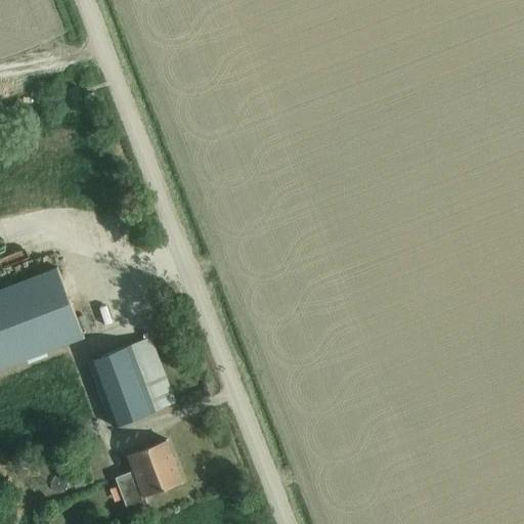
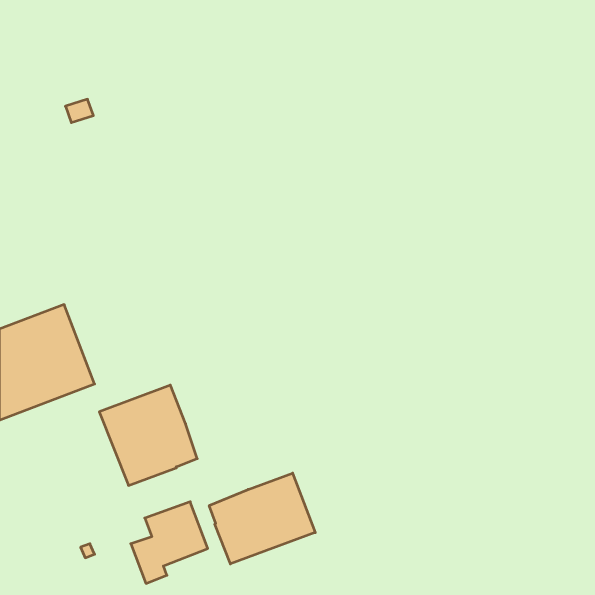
building: none -> [209,473,315,564]

